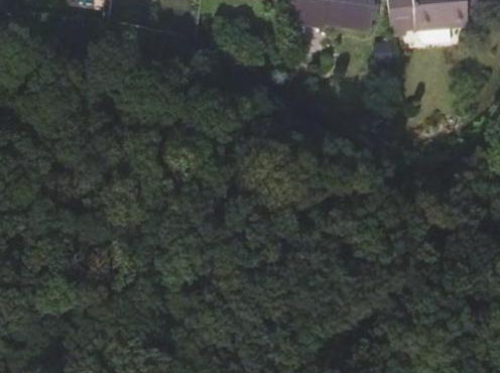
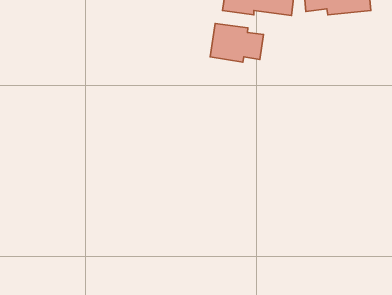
building: none -> [210,23,264,62]

